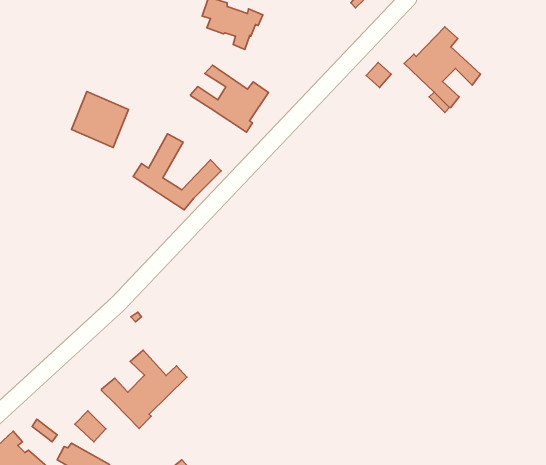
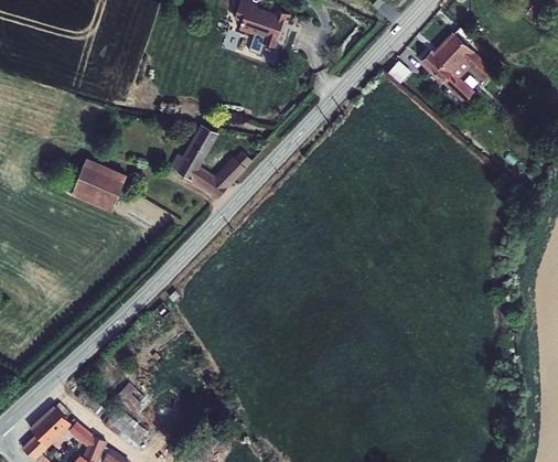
building: [191,65,268,132] -> none
building: [71,92,129,147] -> [72,159,125,211]
building: [101,350,187,428] -> none

